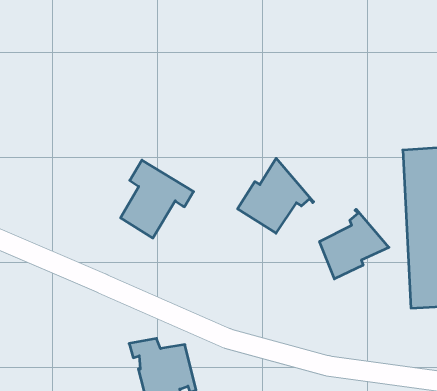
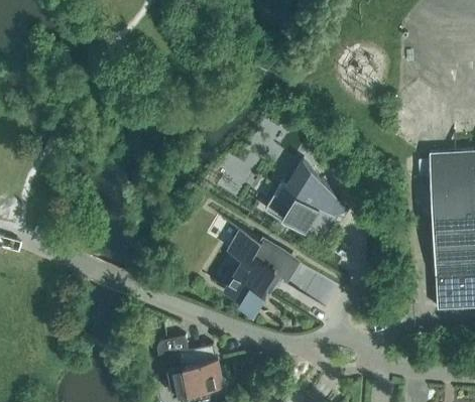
building: [121,160,194,238] -> [222,231,294,308]
building: [320,209,389,279] -> none

